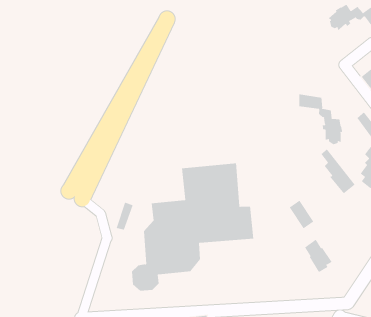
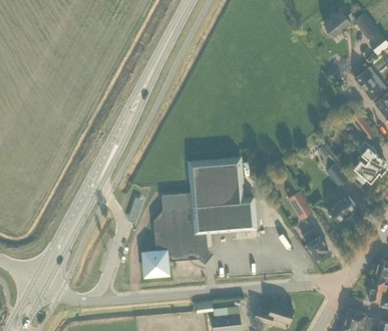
building: [299,94,343,145] -> none
building: none -> [328,194,358,222]

